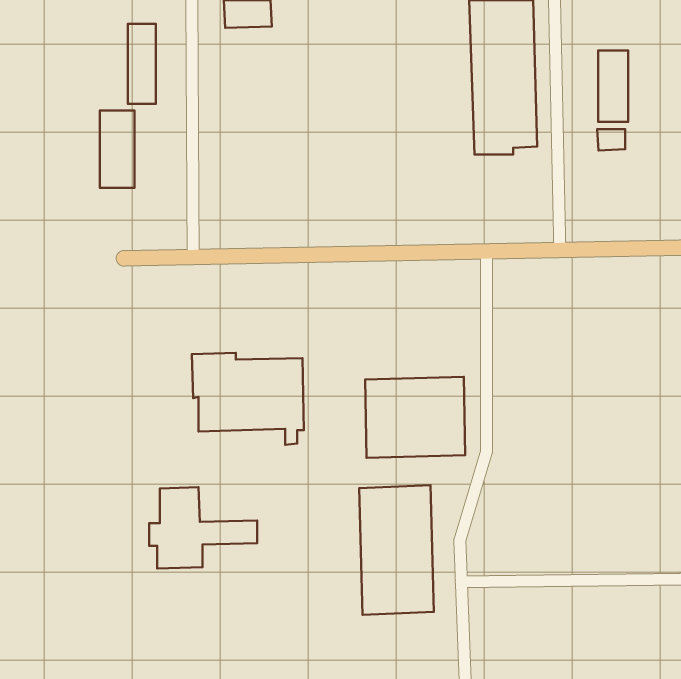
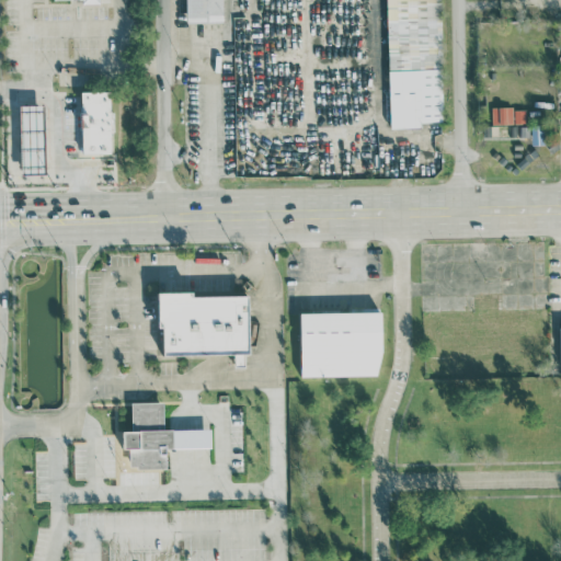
building: [128,24,156,104] -> [22,106,45,172]
building: [598,51,628,122] -> none
building: [359,485,434,615] -> none

